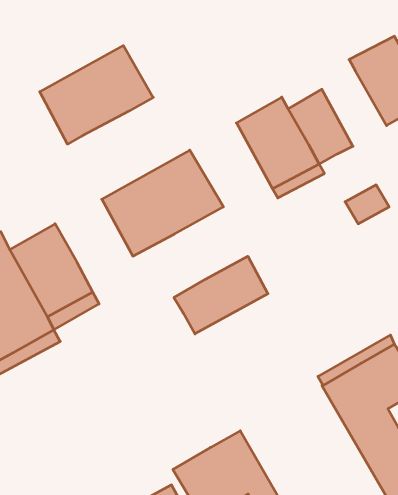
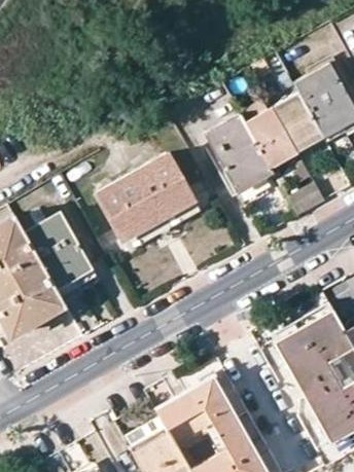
building: [40,46,153,144] -> none
building: none -> [274,92,325,151]
building: [174,256,268,334] -> none

